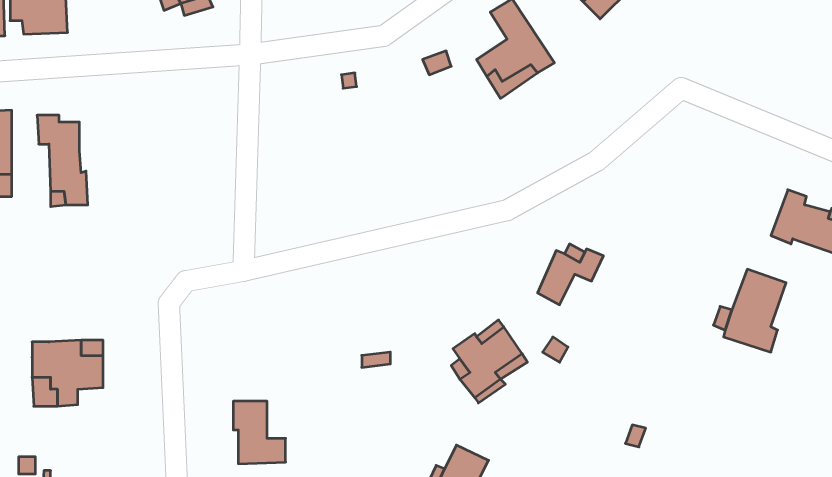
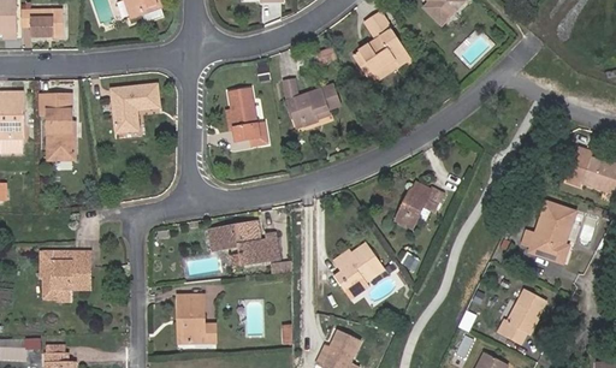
building: none -> [286,81,338,124]
building: none -> [109,85,159,132]
building: none -> [229,88,270,146]
building: none -> [208,222,277,265]
building: none -> [496,289,539,340]

